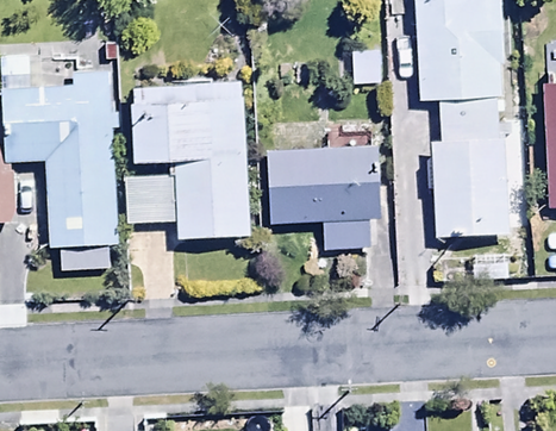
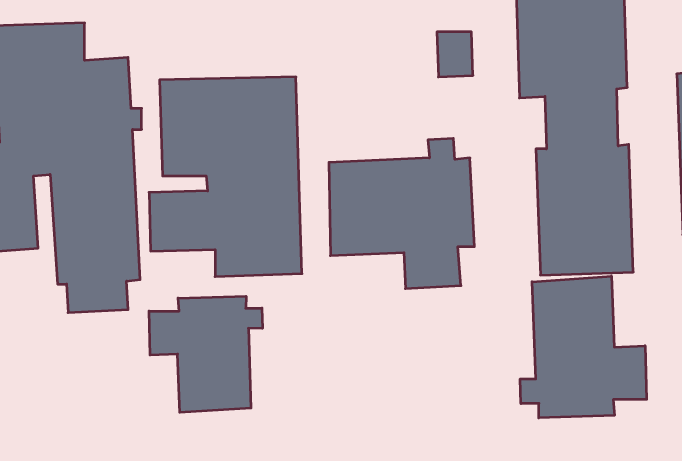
building: none -> [520,276,647,418]
building: none -> [149,296,262,412]

